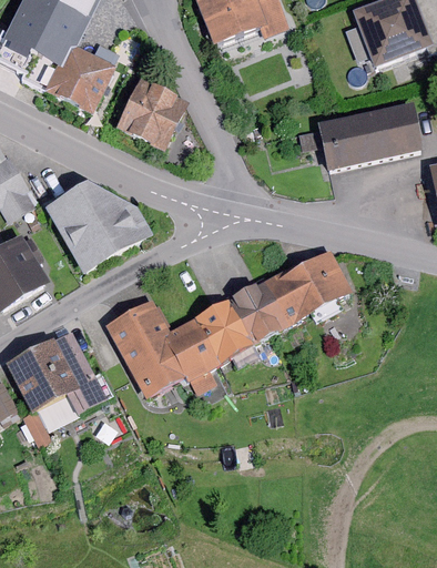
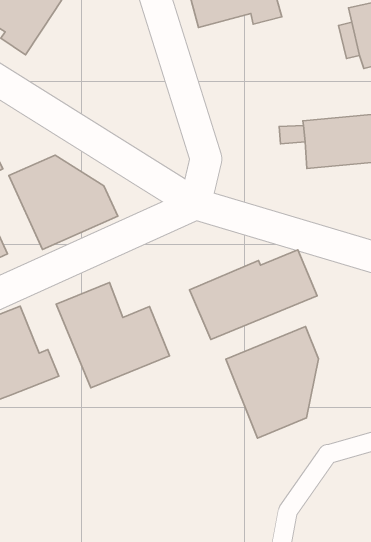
building: [47,43,116,114] -> none
building: [115,77,189,150] -> none
building: [193,297,255,363] -> none
building: none -> [226,326,318,438]

